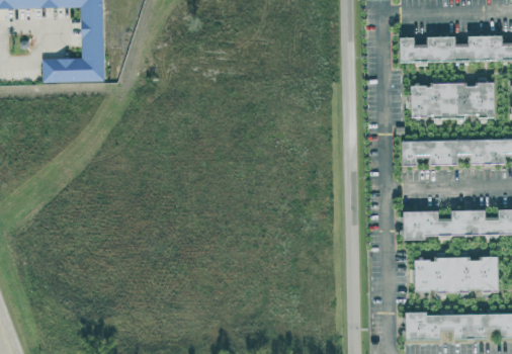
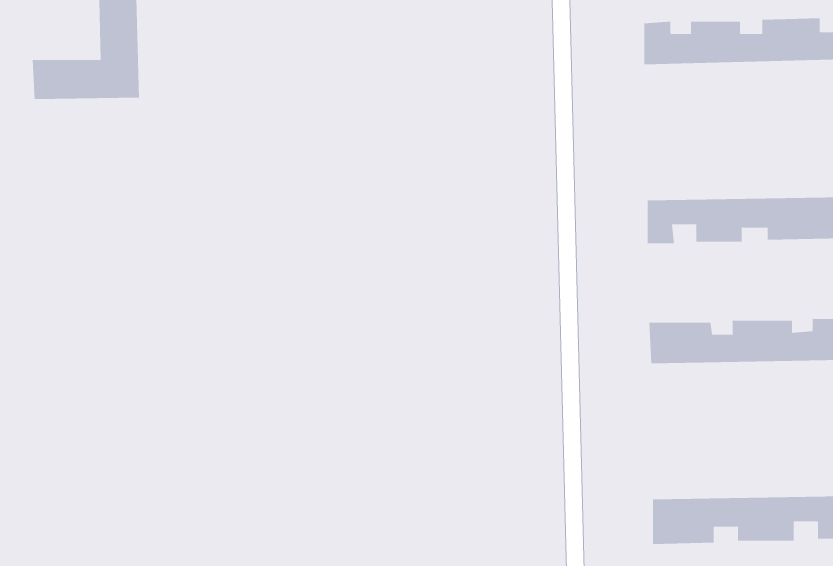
building: [411,82,497,118] -> none
building: [414,258,499,291] -> none

